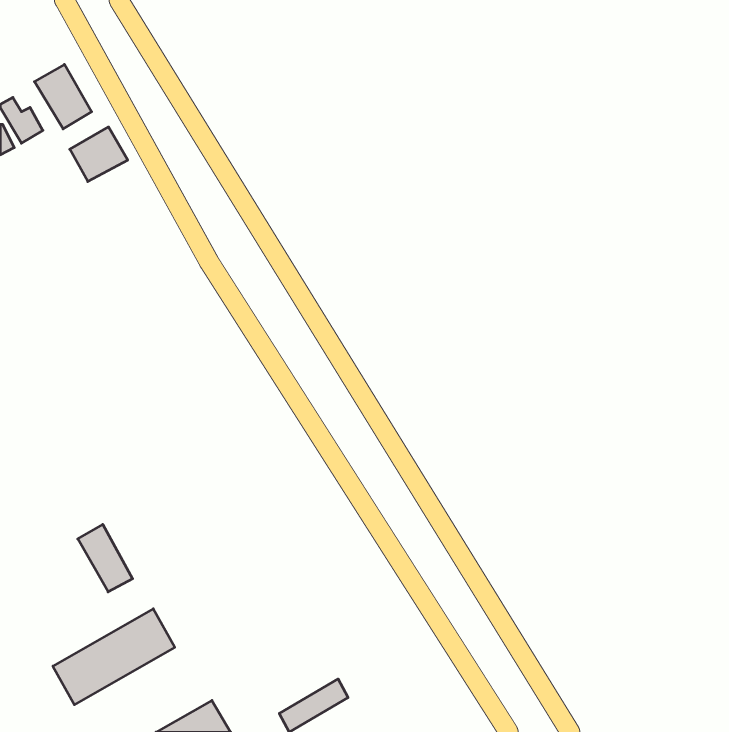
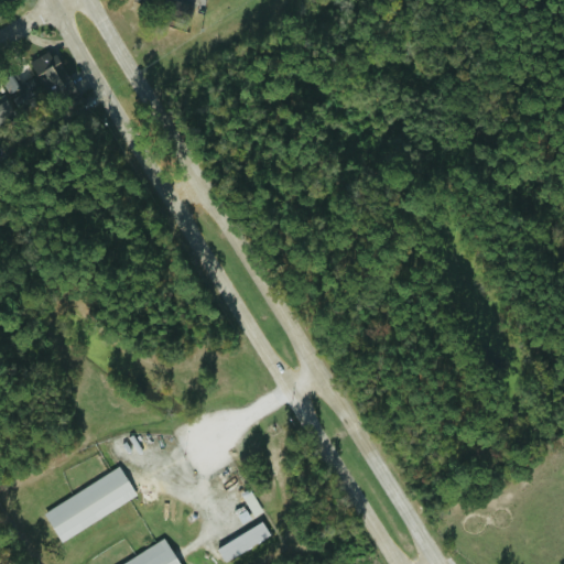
building: [70,127,128,182] -> none
building: [78,524,133,592] -> none

